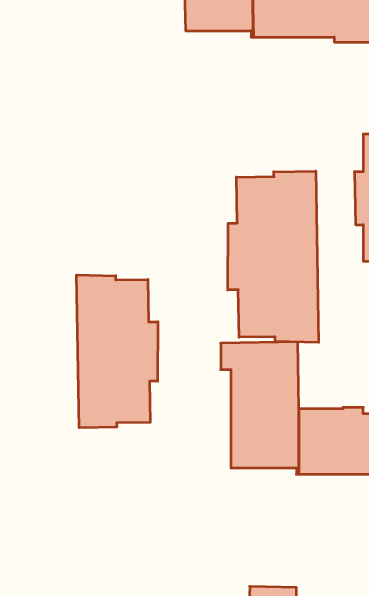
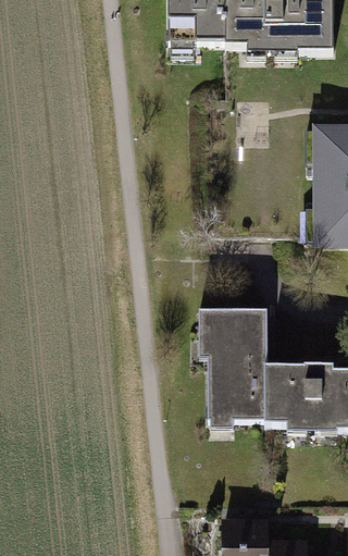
building: [228,171,319,342] -> none
building: [77,275,158,428] -> none

